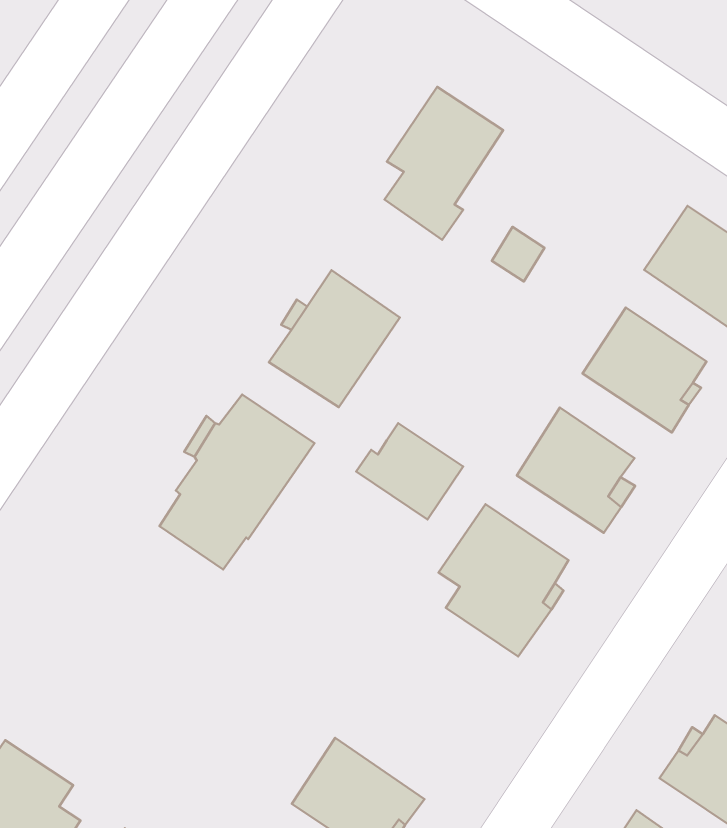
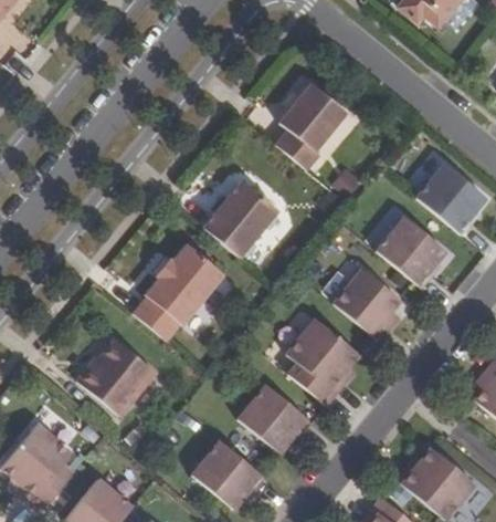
building: [356,423,463,519] -> none
building: none -> [78,340,157,417]
building: none -> [239,385,312,452]

